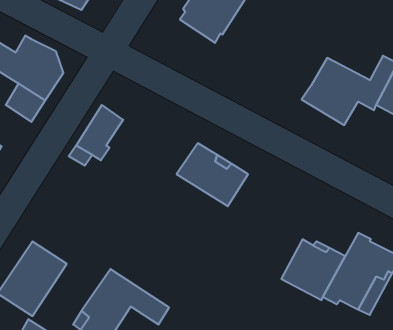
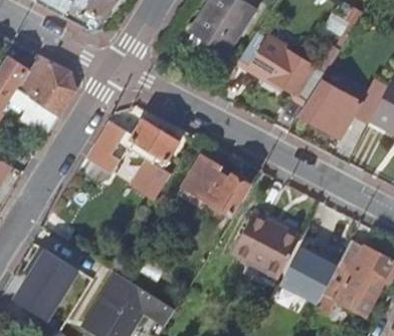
building: none -> [240,28,342,102]
building: none -> [130,121,180,182]
building: none -> [231,213,299,279]

